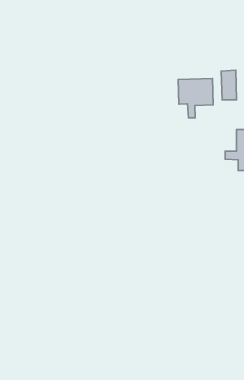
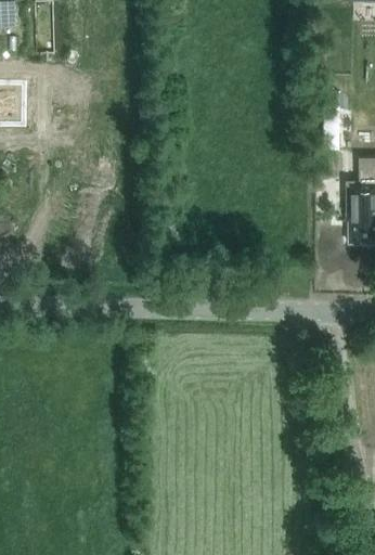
building: [178,79,213,118] -> none

